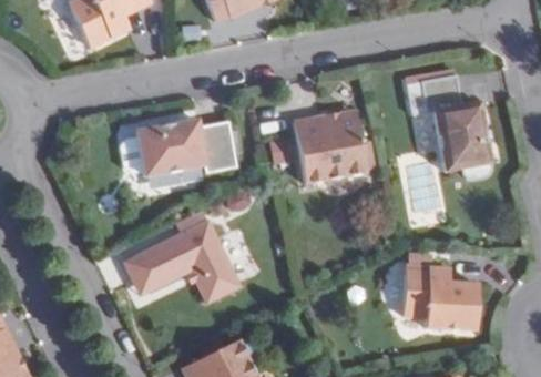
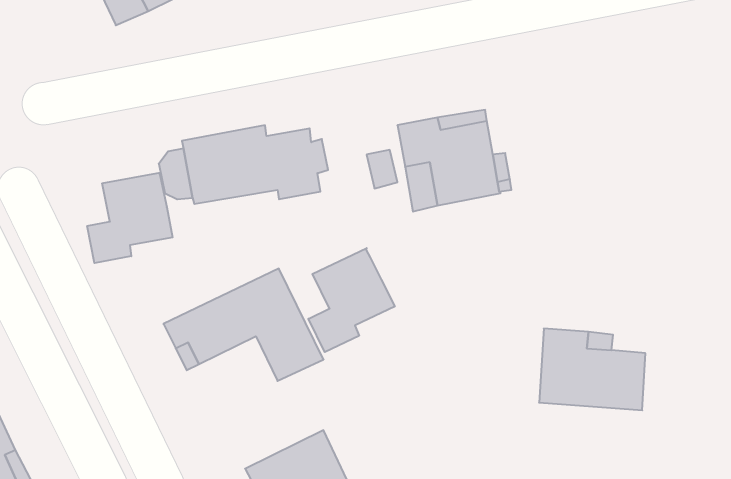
building: [420,77,489,172] -> none
building: none -> [87,173,173,263]
building: none -> [308,248,395,352]

